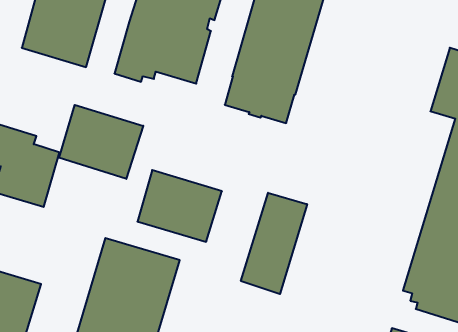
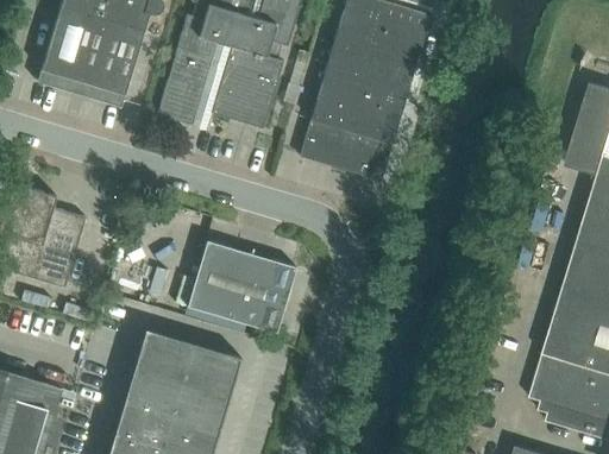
building: [59,105,143,179] -> none
building: [241,193,307,294] -> none

